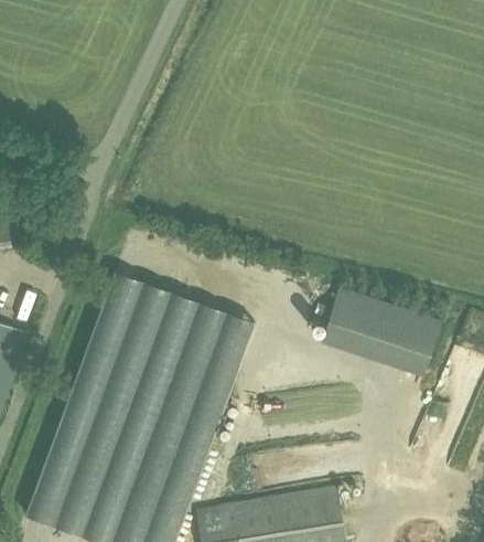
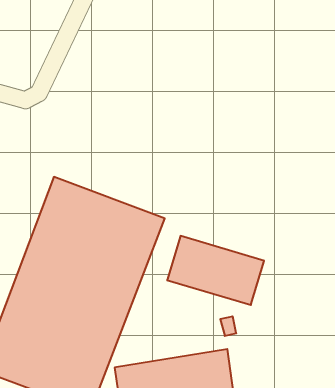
building: [323,284,444,370] -> [167,236,264,305]

